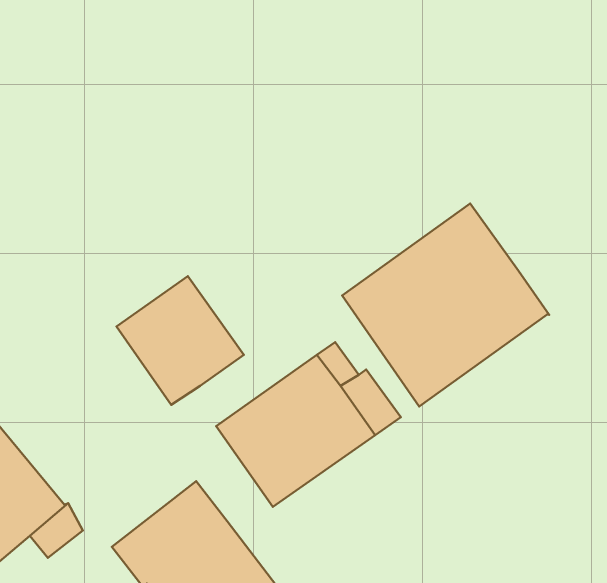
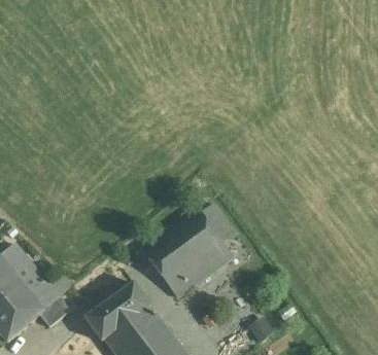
building: [342,203,549,407] -> none
building: [116,276,244,405] -> none

